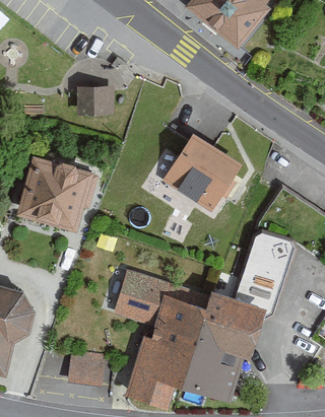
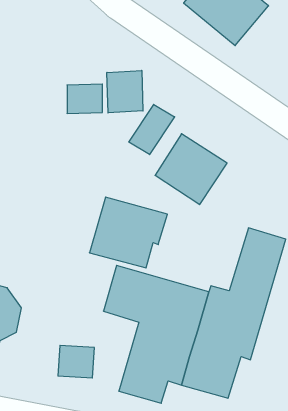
building: none -> [107,70,143,113]
building: none -> [129,104,175,155]
building: [16,159,94,230] -> [89,197,167,268]

